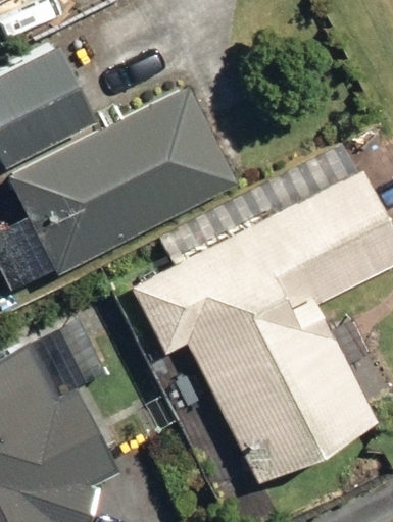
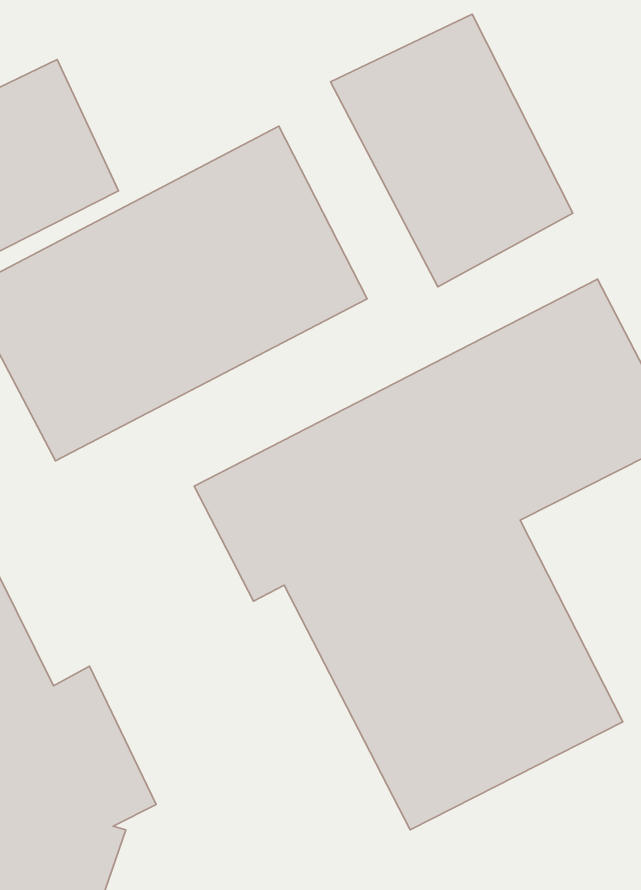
building: none -> [331,14,573,287]

